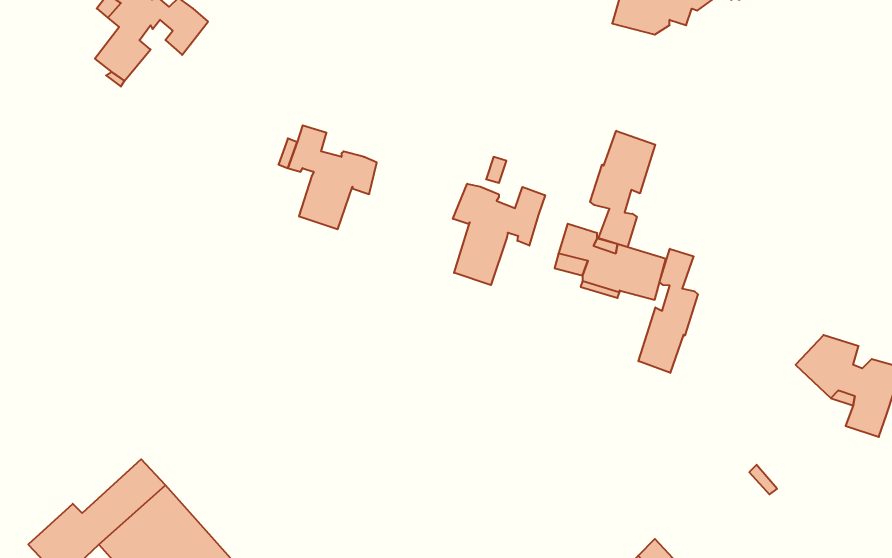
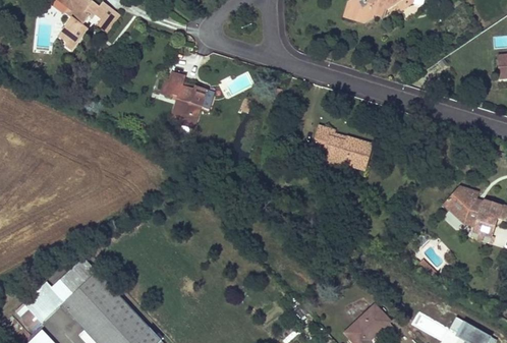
building: [590,131,655,247] -> none
building: [453,184,545,285] -> none
building: [638,249,698,373] -> none

